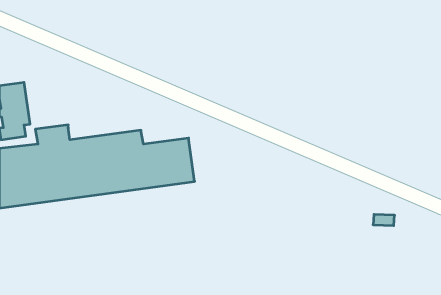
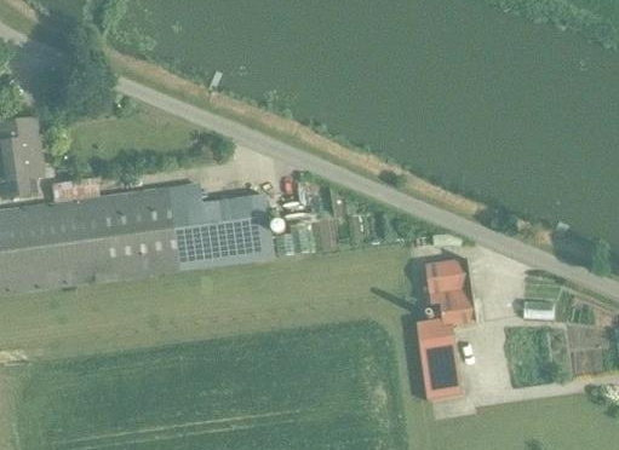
building: none -> [417,260,475,400]

